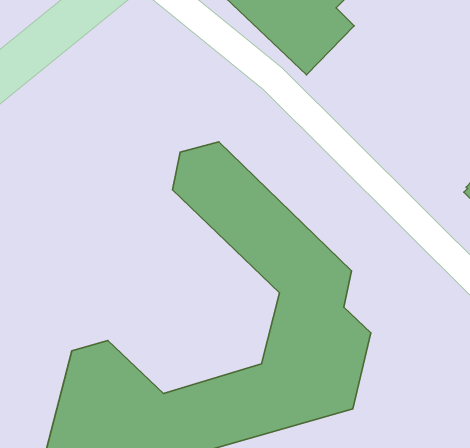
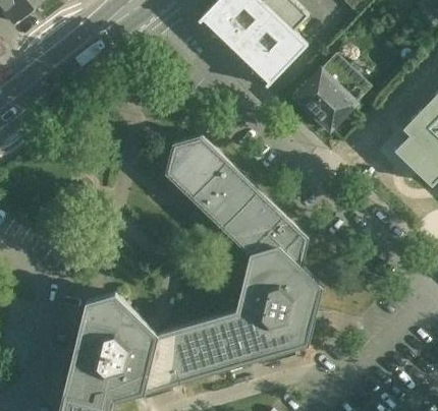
building: none -> [295,54,369,128]

